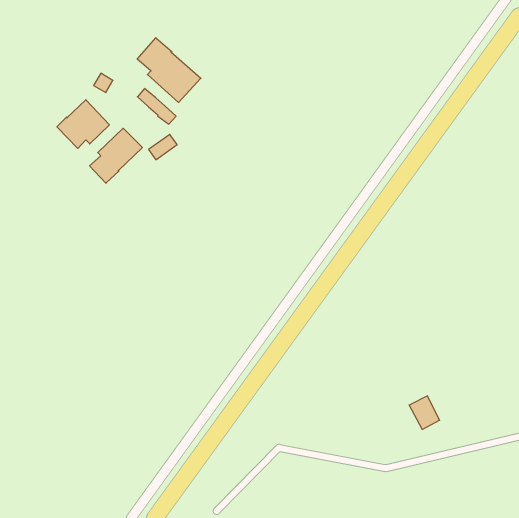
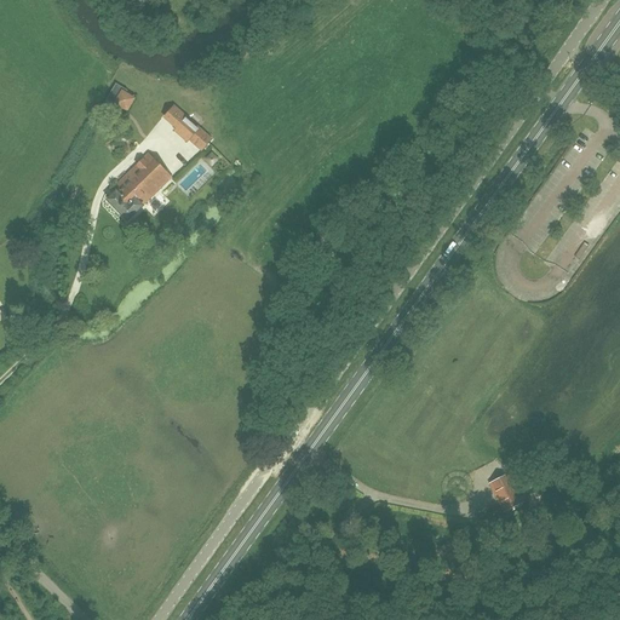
building: [137,38,201,102] -> none
building: [57,100,109,148] -> none

